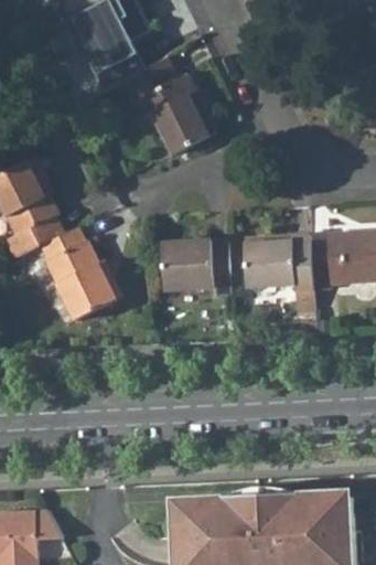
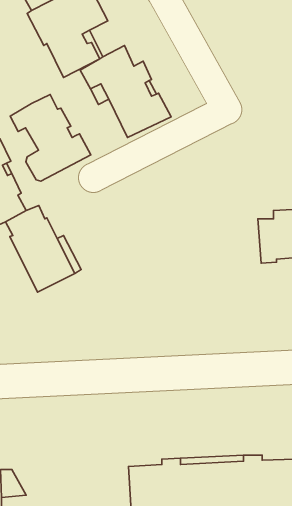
building: none -> [10,94,91,181]
building: [243,234,313,312] -> none
building: [160,238,229,294] -> none

